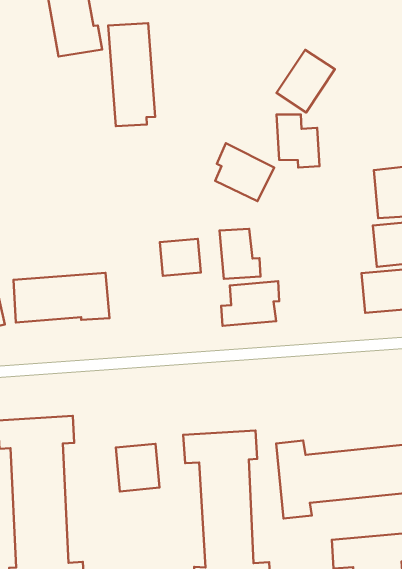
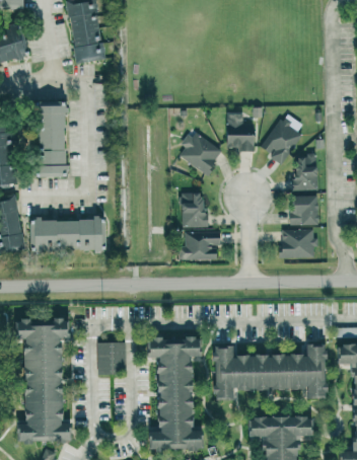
building: [108,23,155,126] -> [37,104,66,176]
building: [277,50,335,112] -> [263,119,305,163]
building: [160,239,201,276] -> none

